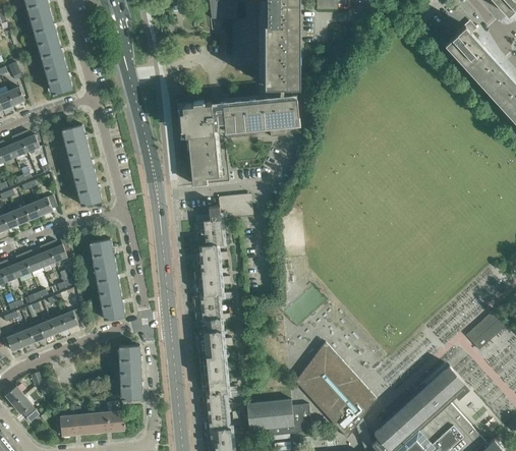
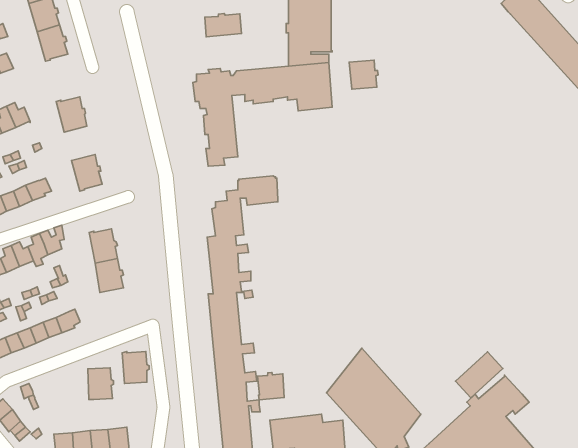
building: none -> [205,13,241,37]
building: none -> [349,60,378,89]
building: [68,151,95,180] -> none
building: [99,290,124,321] -> none
building: [465,311,506,350] -> [456,352,503,398]
building: none -> [258,372,284,400]
building: [120,372,142,399] -> [88,368,114,400]

